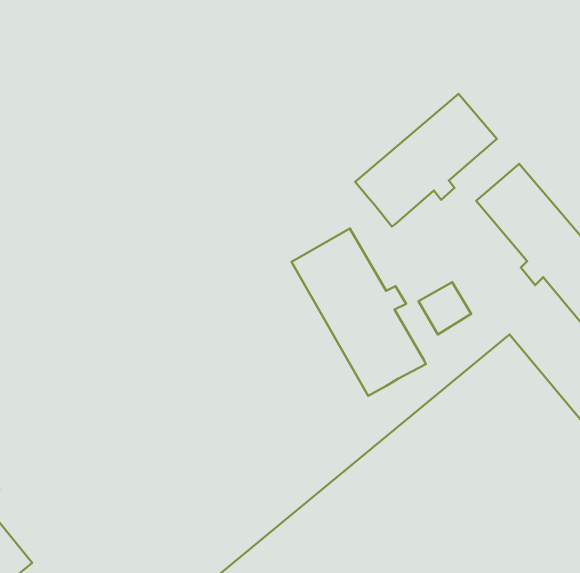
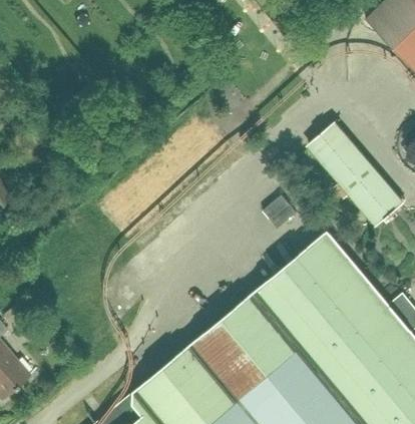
building: [355,94,497,226] -> none
building: [292,228,426,396] -> none

